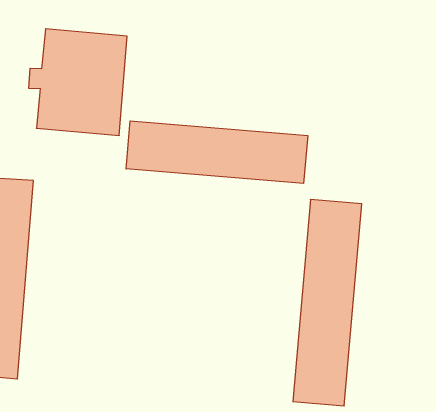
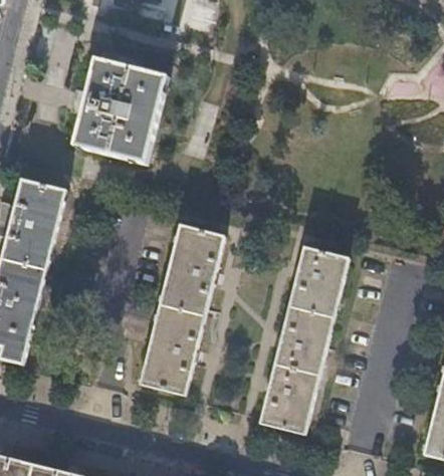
building: [126,121,308,183] -> none
building: none -> [142,227,225,395]

